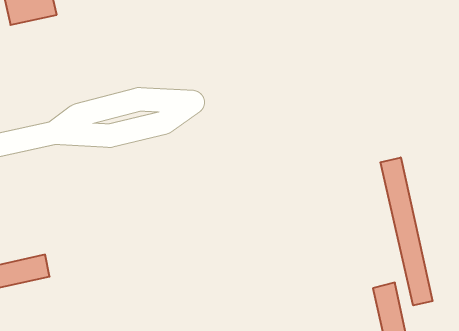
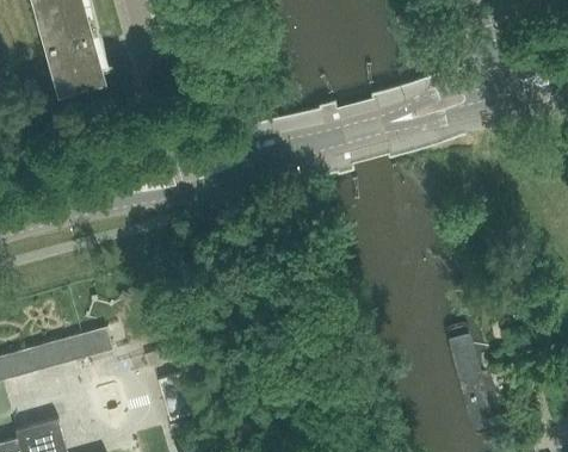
building: [380,157,433,305] -> none

